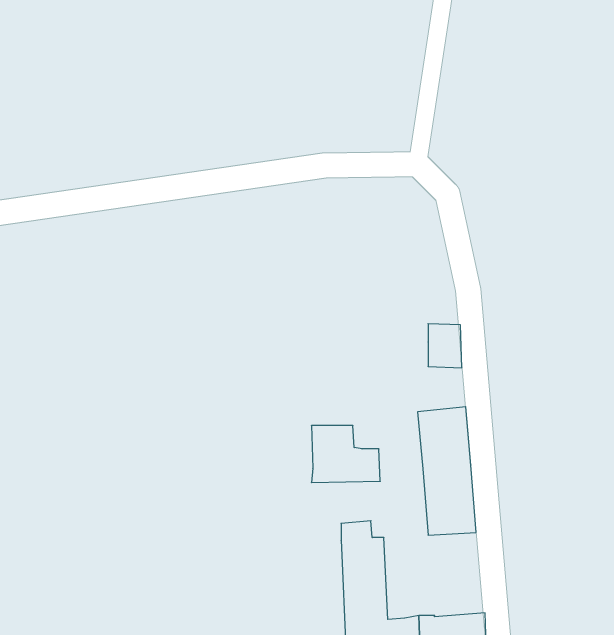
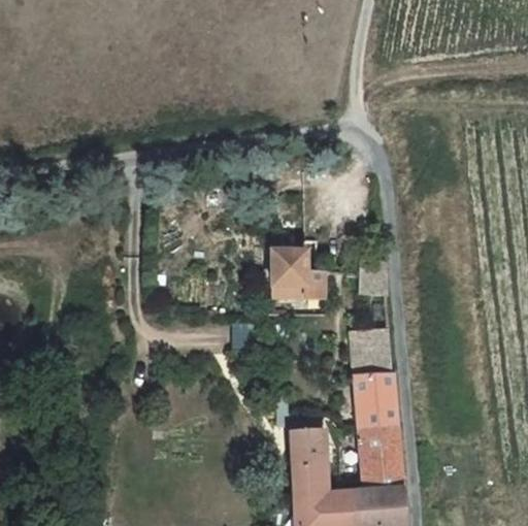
building: [311,426,380,483] -> [271,254,326,299]
building: none -> [359,427,404,494]

